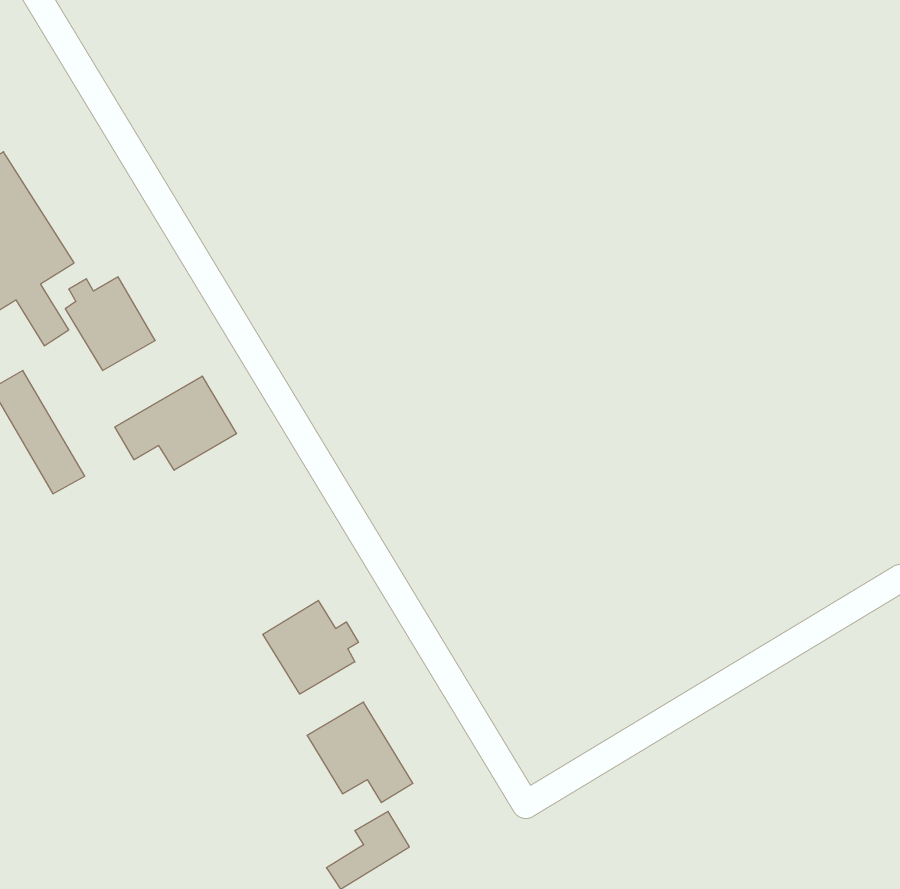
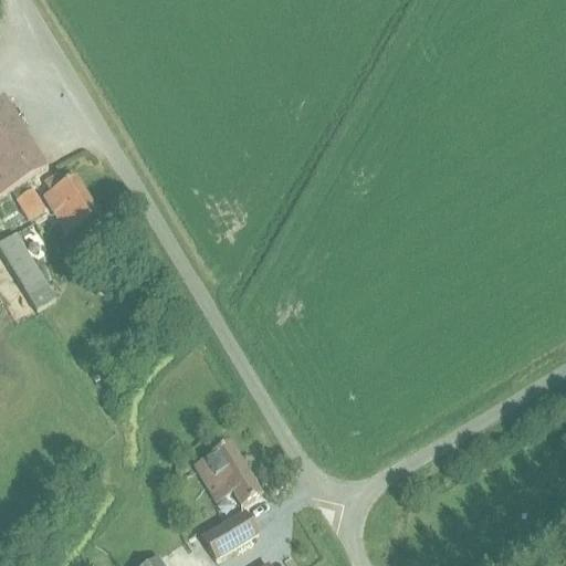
building: [115,376,237,470] -> none
building: [263,600,358,694] -> none

